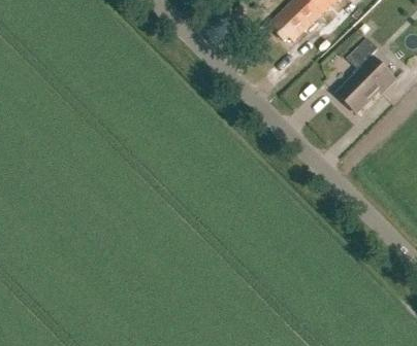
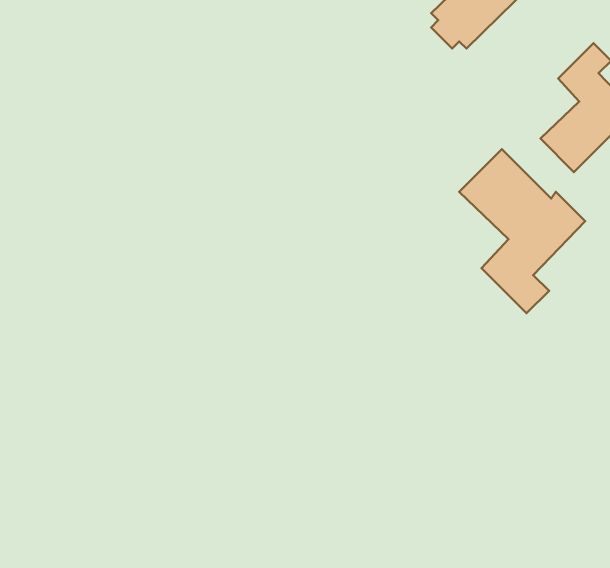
building: none -> [459,149,585,313]

